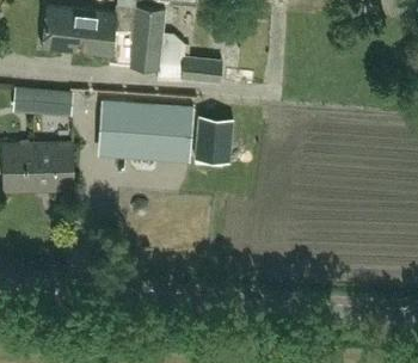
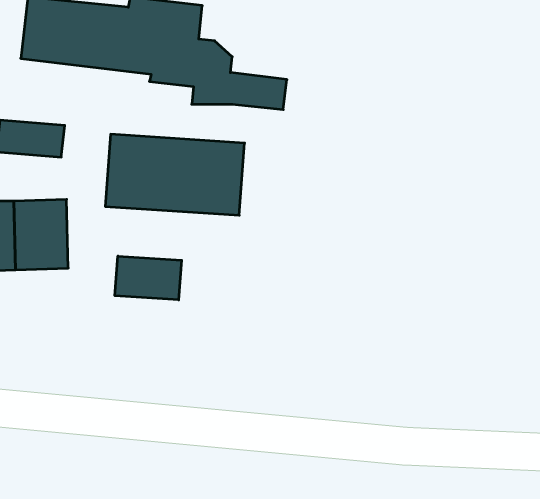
building: [195,117,232,162] -> none
building: none -> [115,256,182,300]

